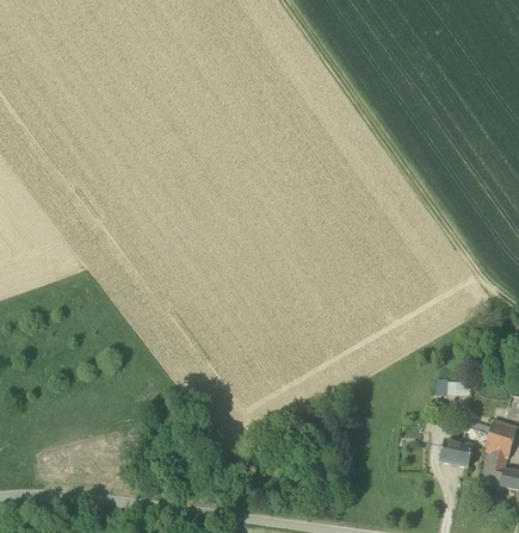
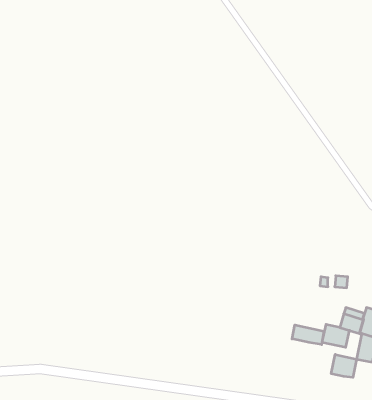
building: none -> [292,325,324,345]
building: none -> [331,354,357,377]

